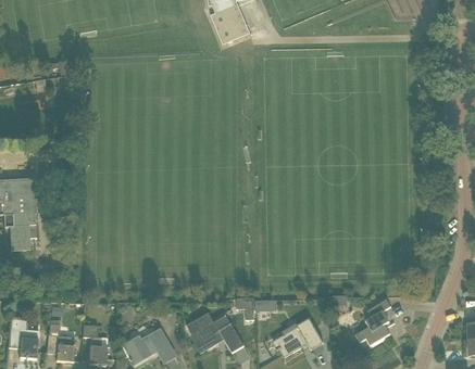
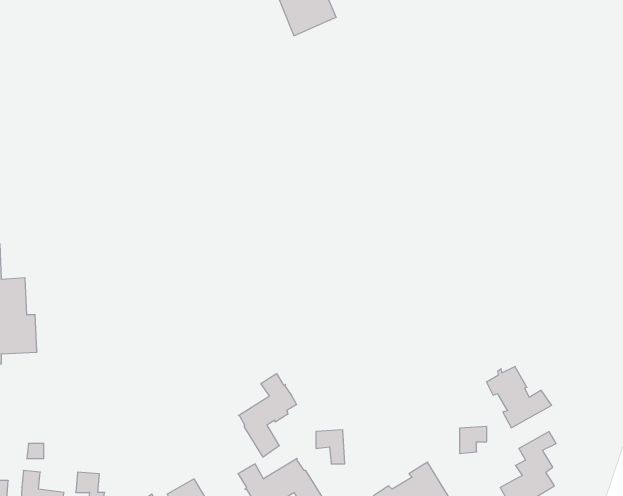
building: none -> [487,366,552,428]
building: none -> [238,374,297,457]

